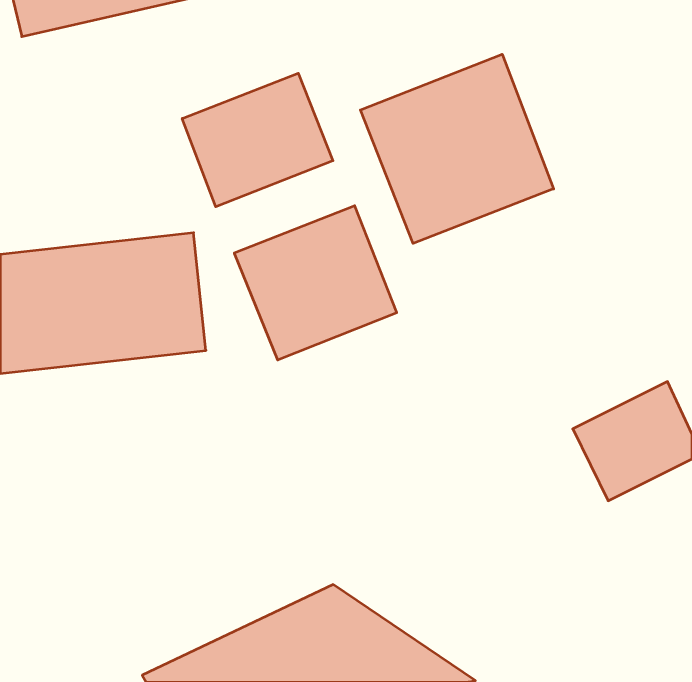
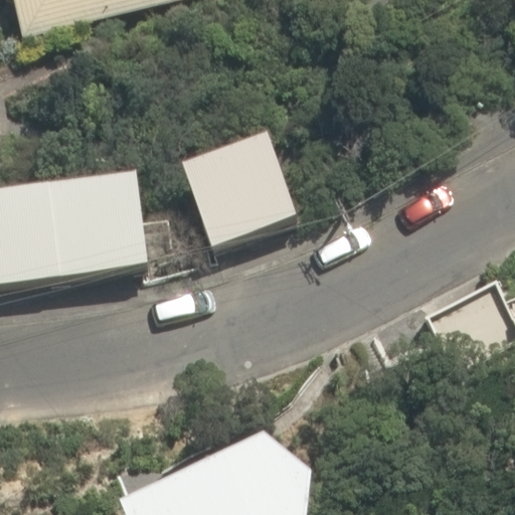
building: [360,54,554,243] -> none
building: [182,73,333,207] -> none

